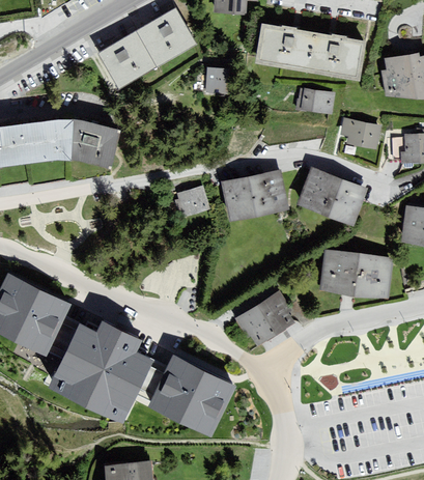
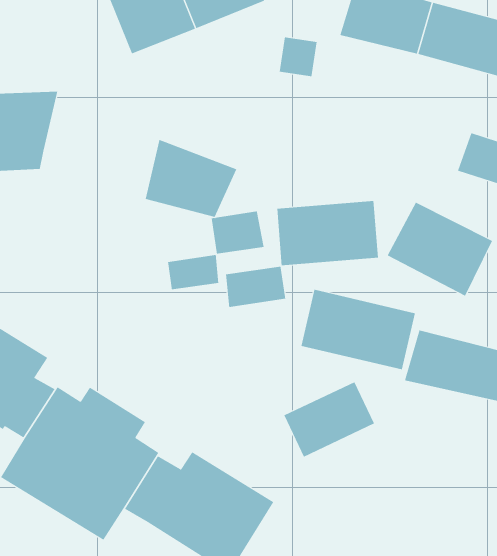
building: [299,90,336,116] -> none
building: [56,118,116,167] -> [145,139,237,218]
building: none -> [167,254,219,290]
building: none -> [225,266,286,308]
building: none -> [301,289,416,370]

